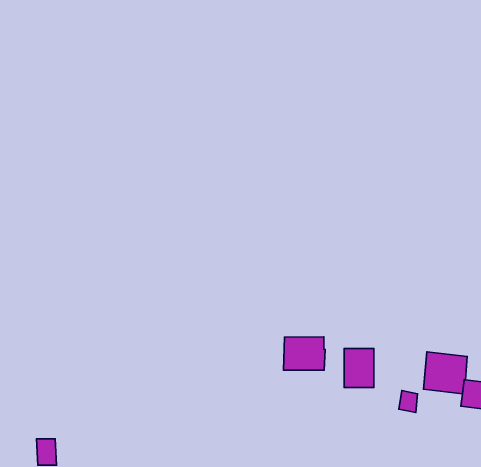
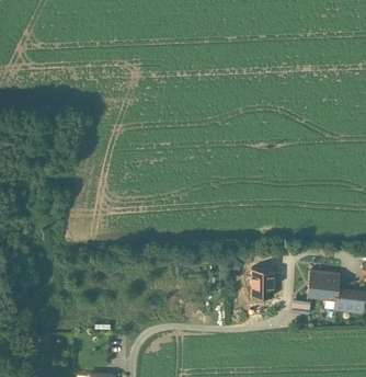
building: [283,337,325,370] -> none

